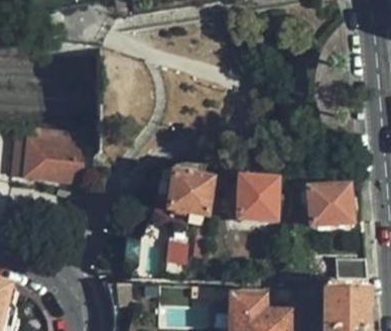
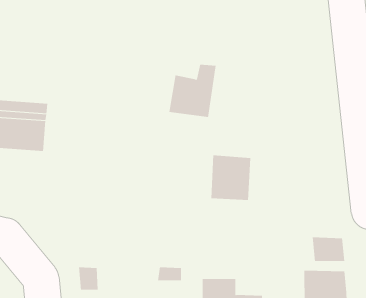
building: [168,162,214,213] -> [168,64,216,118]
building: [308,186,349,225] -> none

